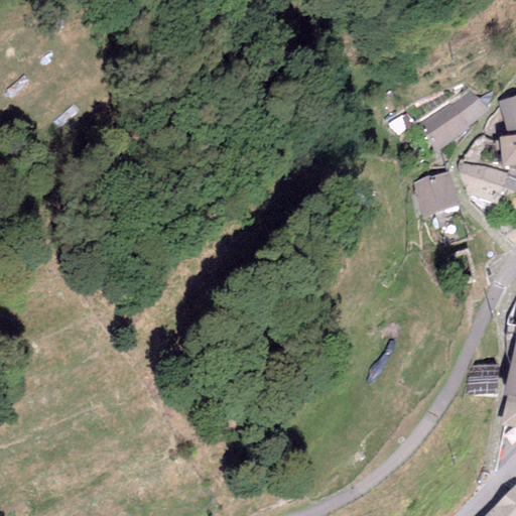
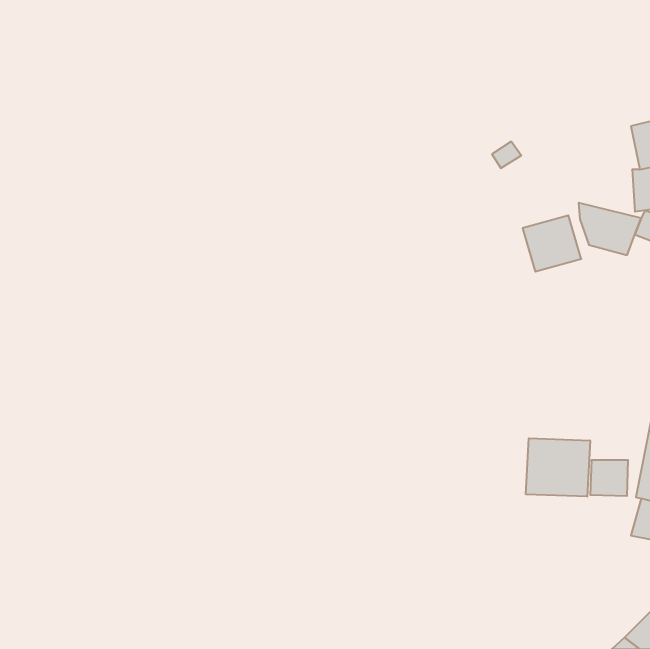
building: [422,89,488,151] -> none
building: none -> [526,438,590,497]

